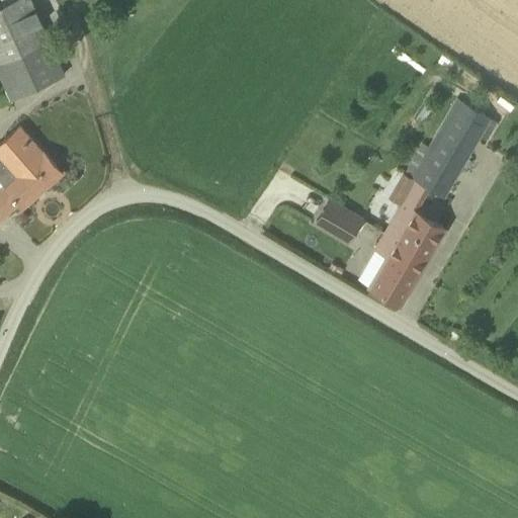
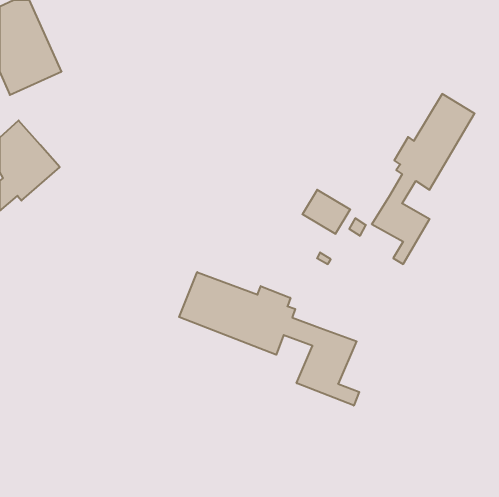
building: [368,235,417,307] -> none
building: none -> [179,272,359,406]

